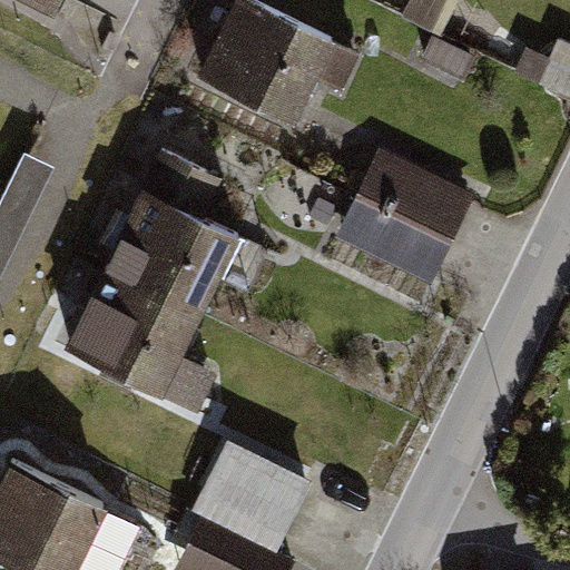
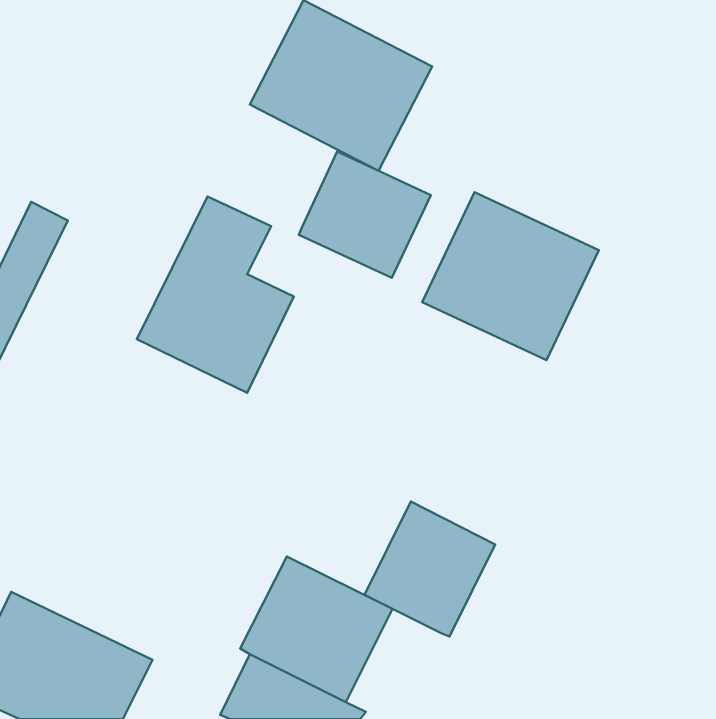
building: none -> [299,152,431,278]
building: [70,267,207,403] -> none
building: none -> [364,502,495,637]

